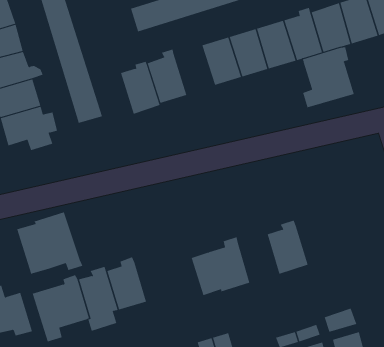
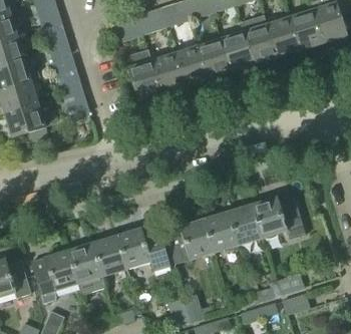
building: [303,47,354,108] -> none
building: [120,61,160,115] -> [150,49,185,94]
building: none -> [254,192,306,238]
building: [16,212,83,275] -> none
building: none -> [205,207,239,253]
building: none -> [117,224,170,271]

